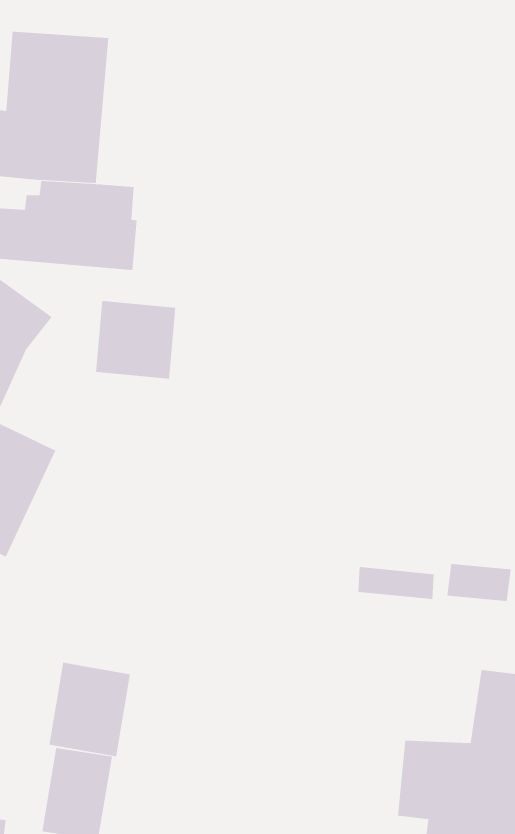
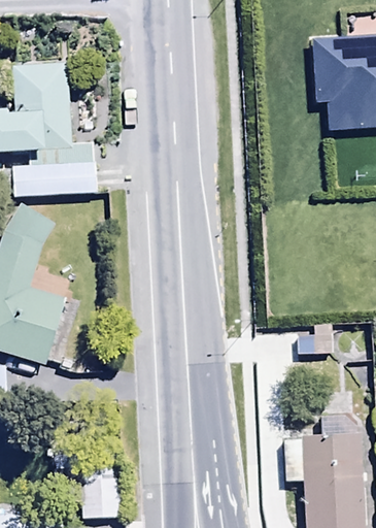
building: [96,300,176,380] -> none
building: [49,662,131,757] -> none

